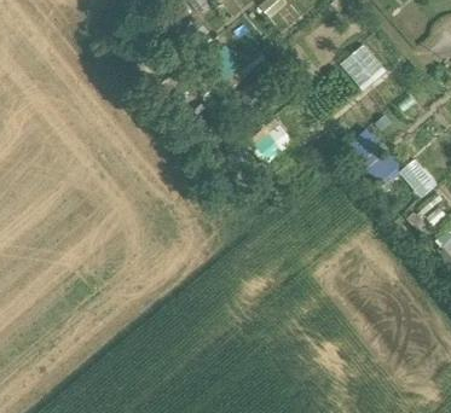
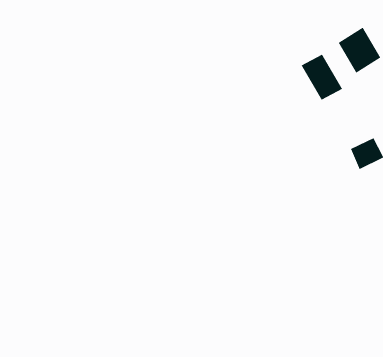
building: none -> [301,54,343,100]

